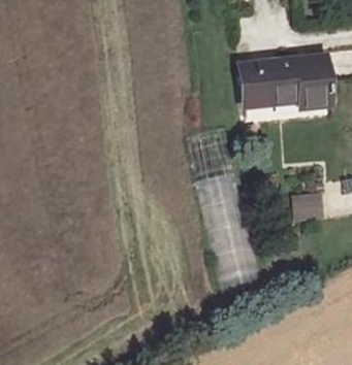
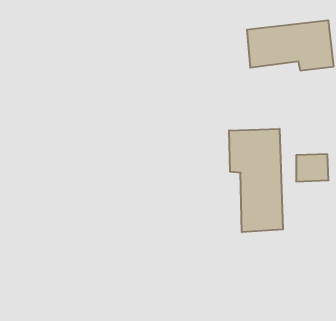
building: none -> [229,129,283,232]

